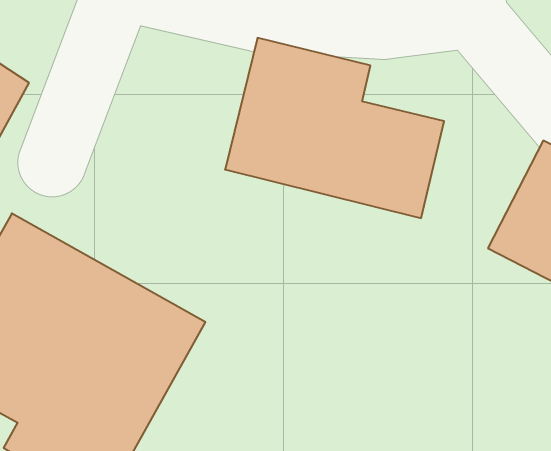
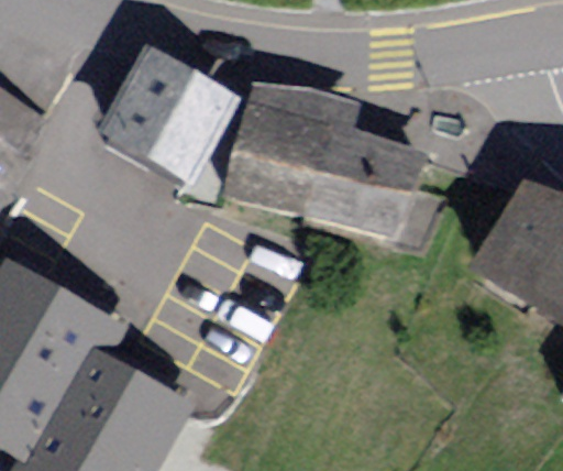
building: none -> [90,47,238,202]

